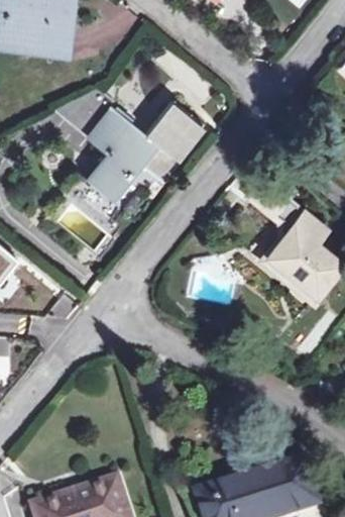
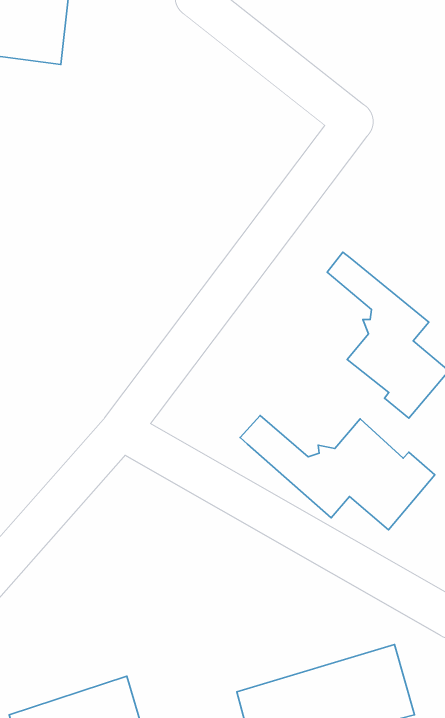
building: [86,99,203,194] -> none
building: none -> [240,416,435,530]

